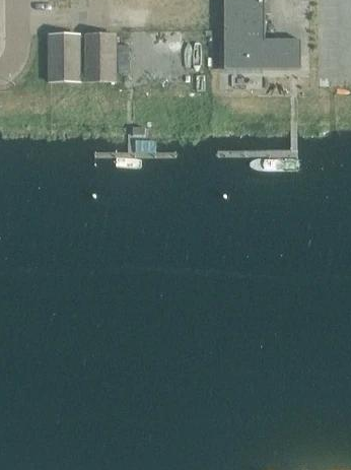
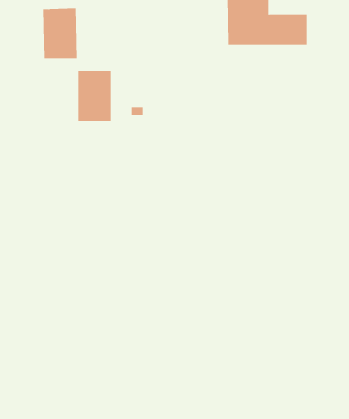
building: [83,31,116,80] -> [78,71,112,122]

